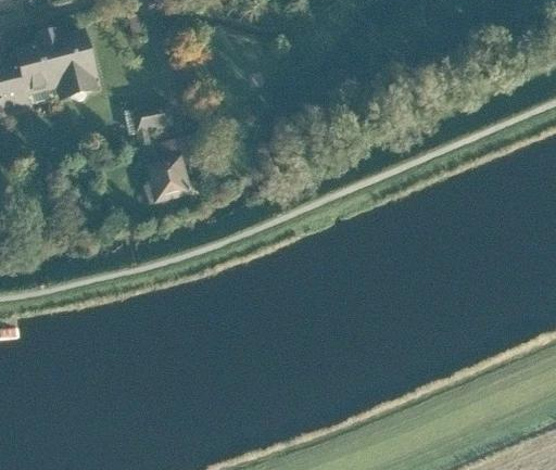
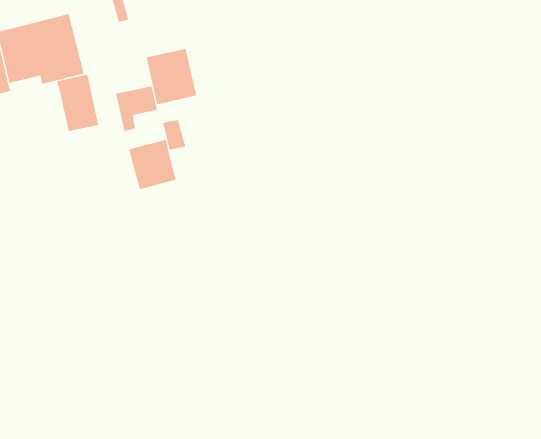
building: none -> [146,48,197,105]
building: none -> [56,74,99,132]

